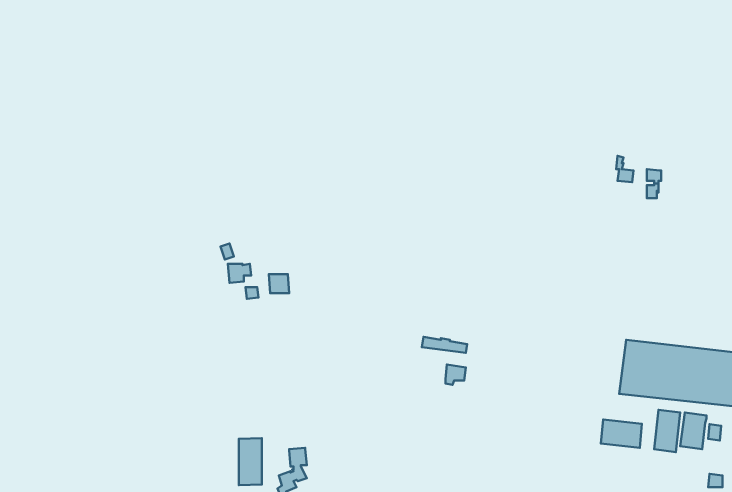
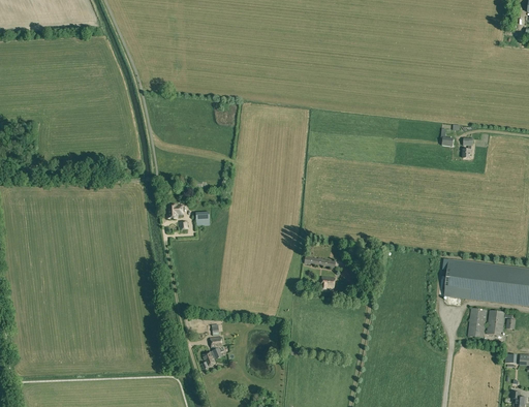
building: [601,420,642,448] -> none
building: [239,438,262,485] -> none

